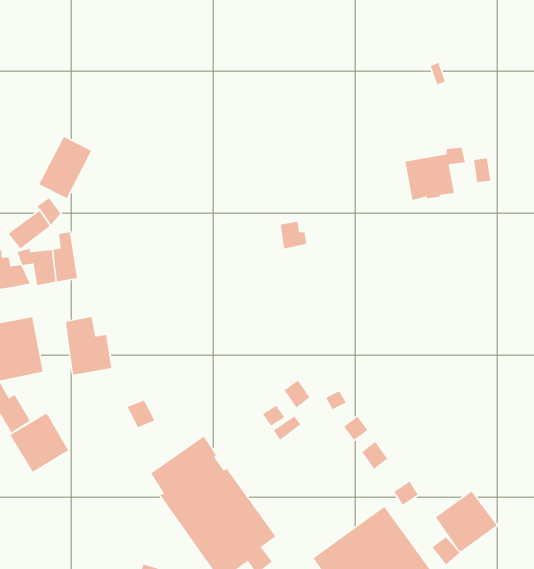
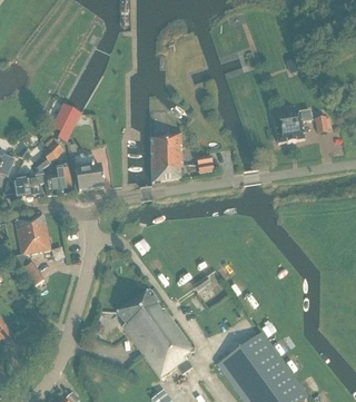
building: none -> [150,131,182,182]
building: [65,316,112,376] -> [75,154,103,190]
building: [9,413,69,473] -> none
building: [435,490,498,552] -> none

